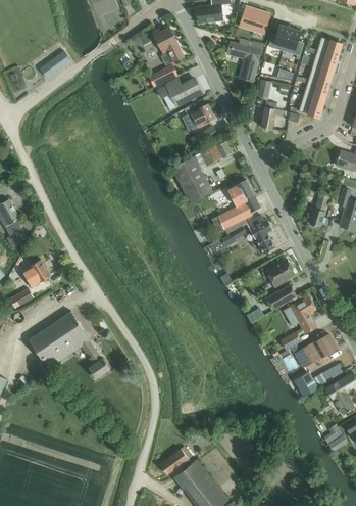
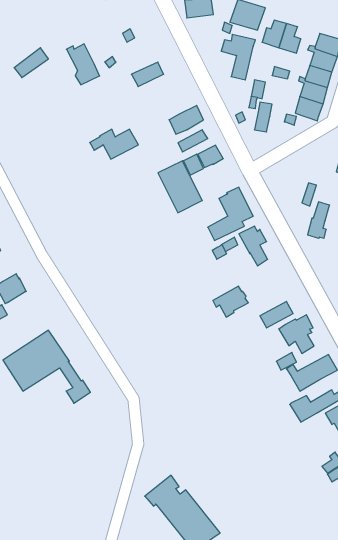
building: [152,28,183,65] -> [66,44,100,85]
building: [157,79,202,106] -> [90,129,138,159]
building: [262,259,295,287] -> [213,286,248,317]

